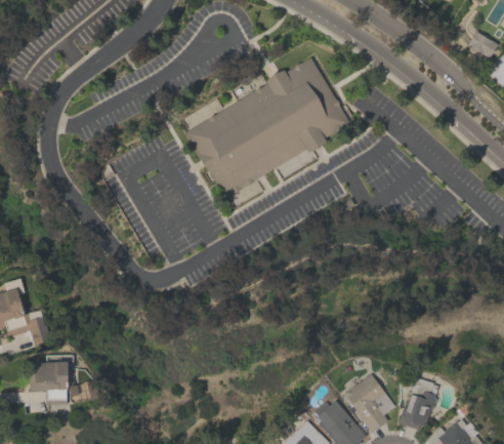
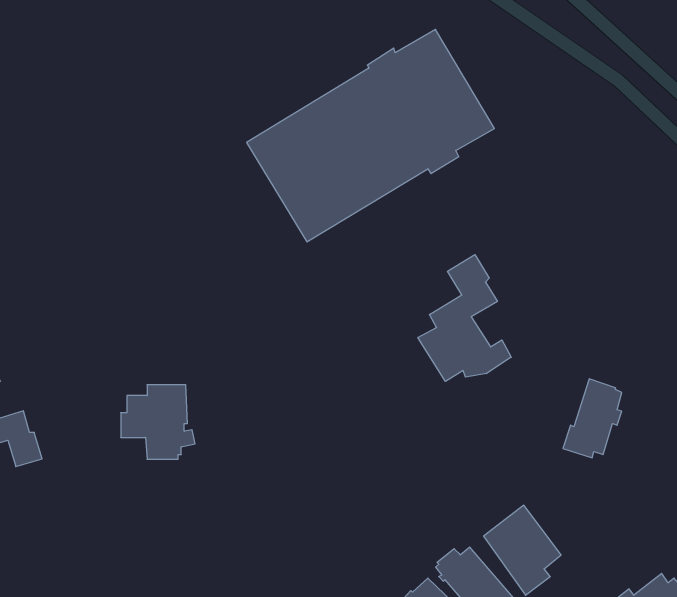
building: none -> [418,255,511,381]
building: [30,356,79,405] -> [121,385,195,459]
building: [398,377,437,430] -> [563,379,622,458]

